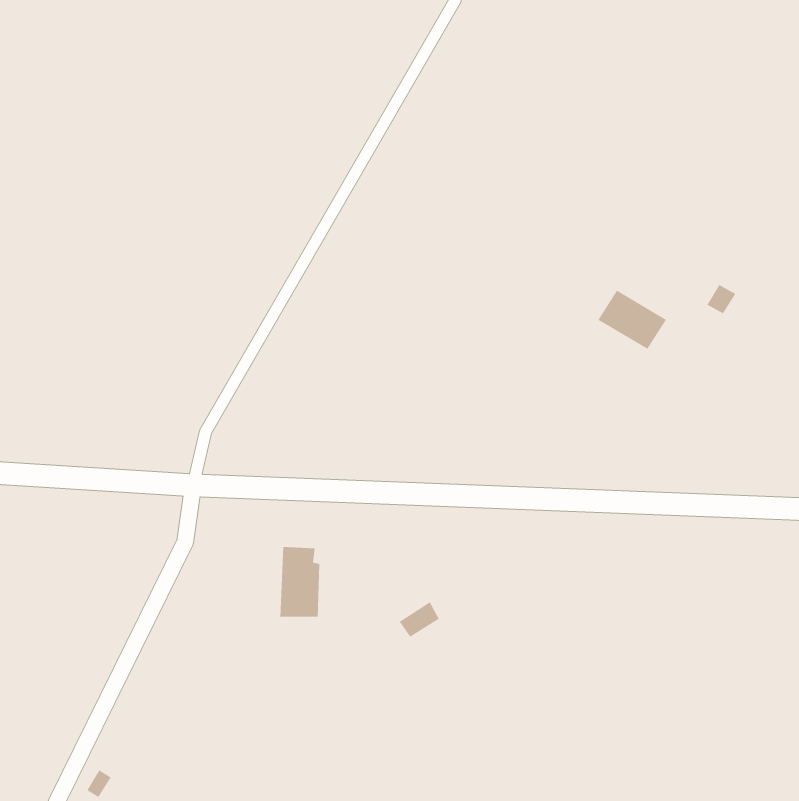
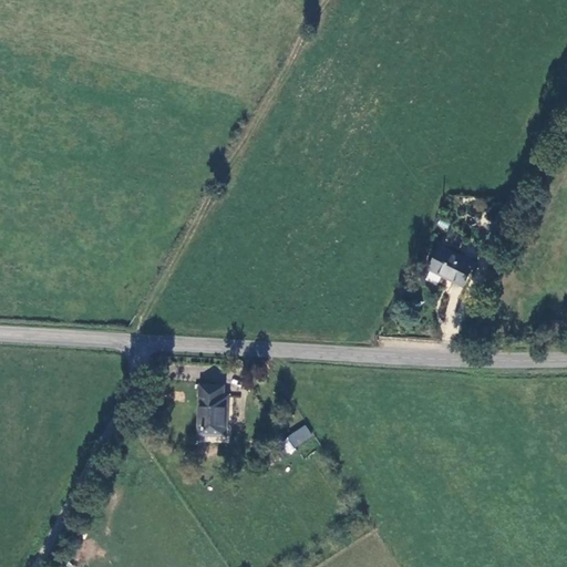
building: [598,290,667,350] -> [427,246,476,288]

